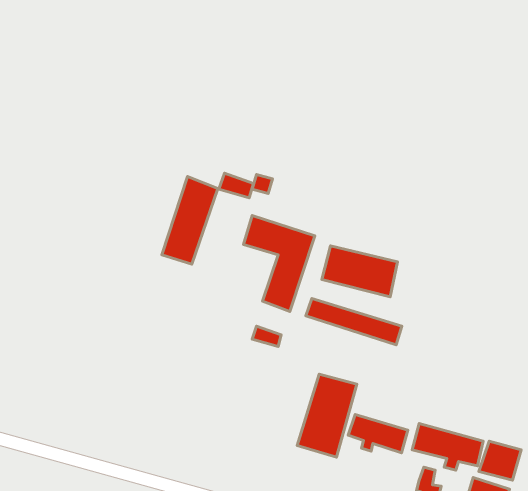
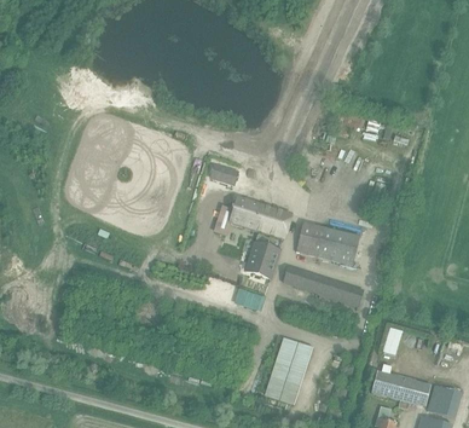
building: [162,177,218,264] -> none
building: [348,414,408,453] -> none

